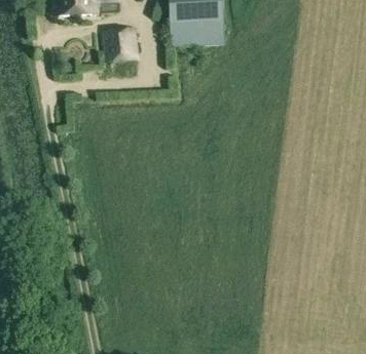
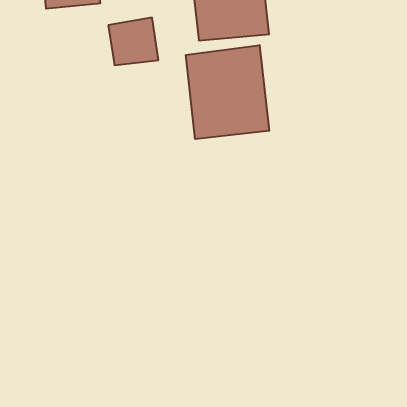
building: none -> [186,45,269,139]

